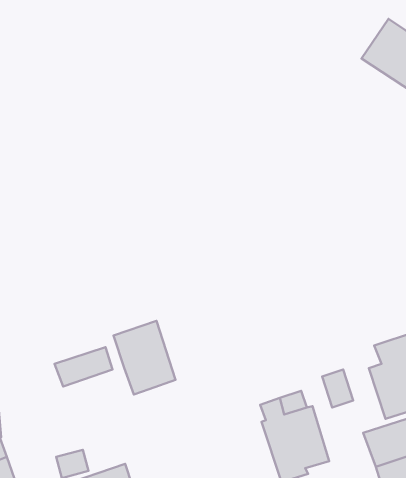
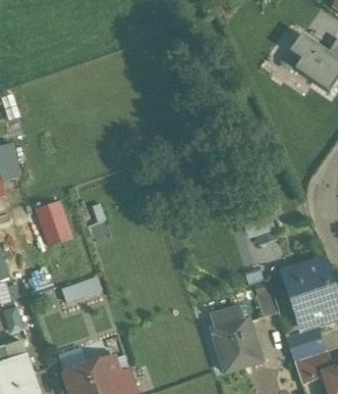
building: none -> [38,201,72,245]
building: [113,321,176,395] -> none

